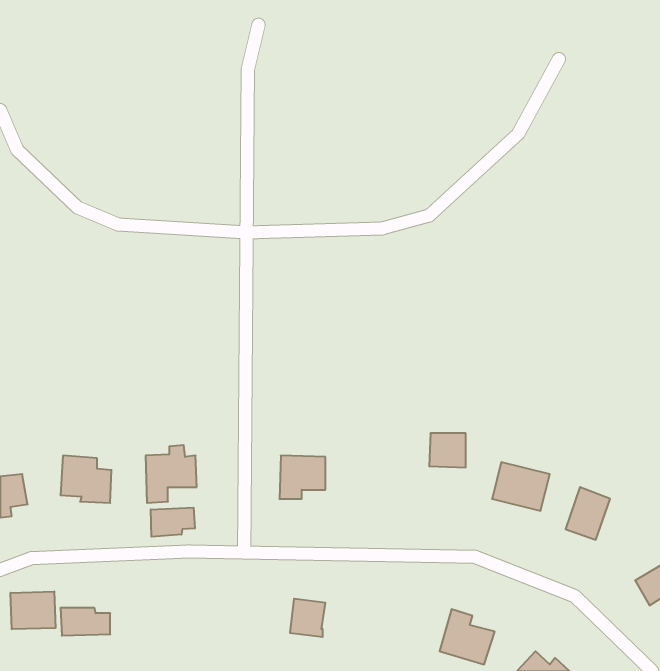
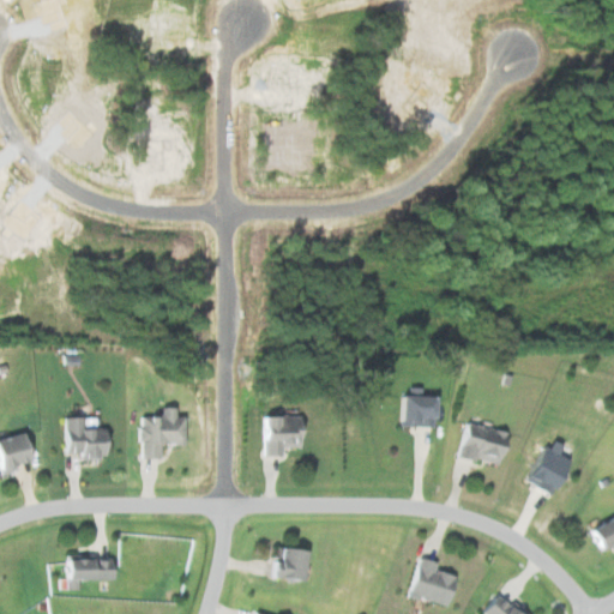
building: [151,508,195,537] -> none
building: [11,591,55,629] -> none

